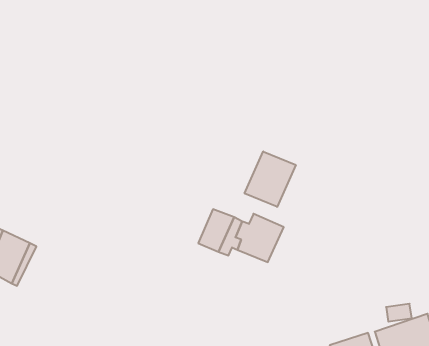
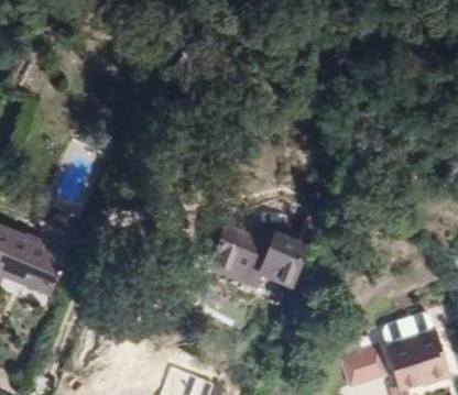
building: [245,151,296,207] -> none

